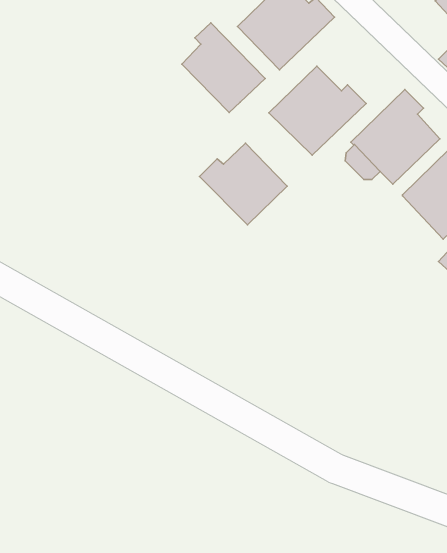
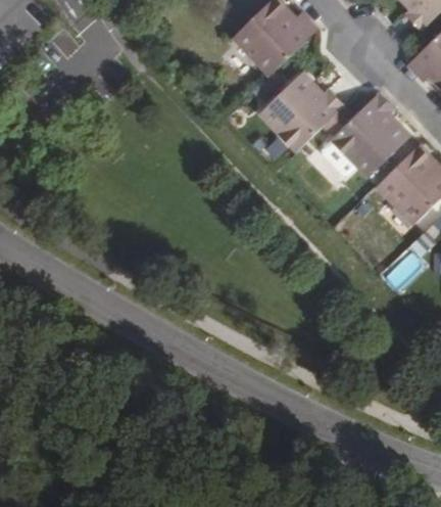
building: [182,23,265,113] -> none
building: [200,143,287,225] -> none

